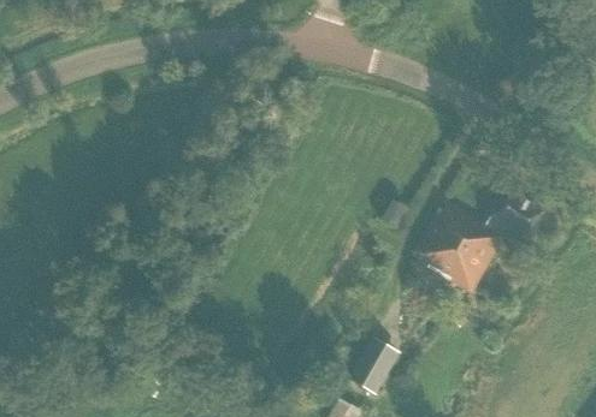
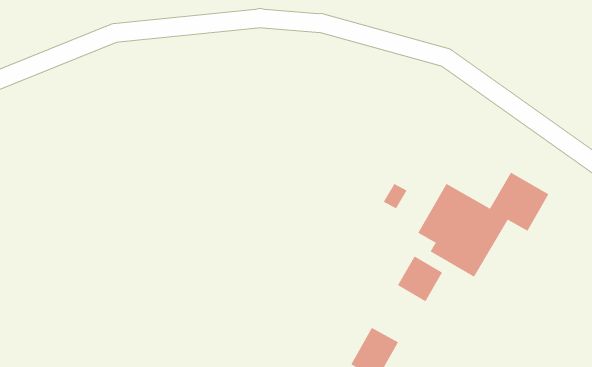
building: none -> [397,255,443,302]

